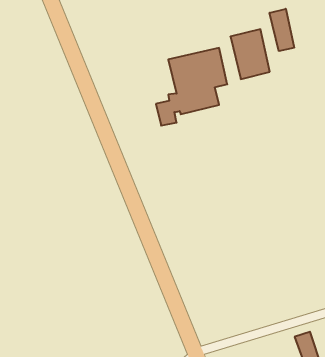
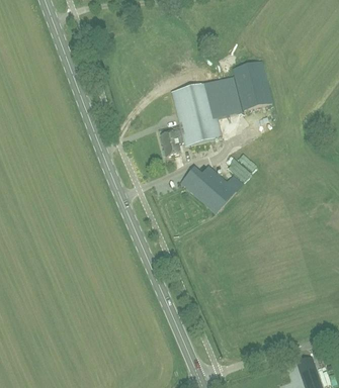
building: [270,9,294,51] -> none
building: none -> [180,165,243,212]

